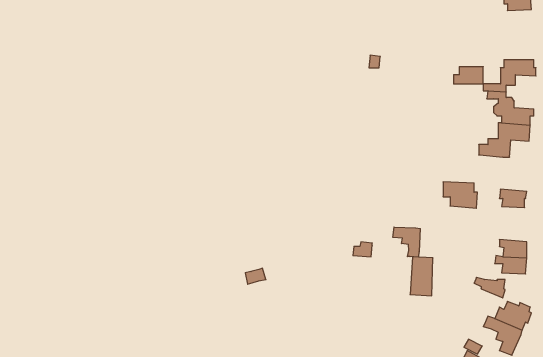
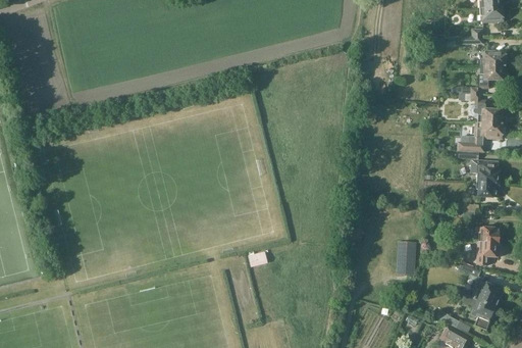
building: [454,67,483,84] -> [479,50,506,65]
building: [443,182,477,208] -> [470,159,501,183]
building: [393,227,420,257] -> none

